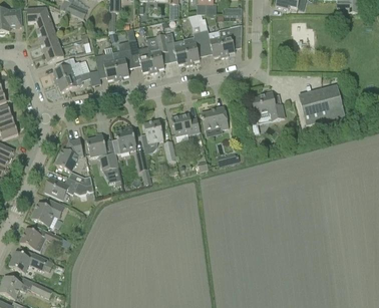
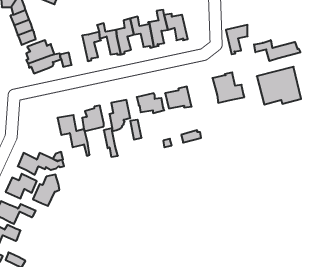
building: [219,24,242,55] -> [226,25,248,54]
building: [94,51,118,79] -> none
building: none -> [254,40,300,61]
building: [55,137,83,171] -> [33,175,59,206]

